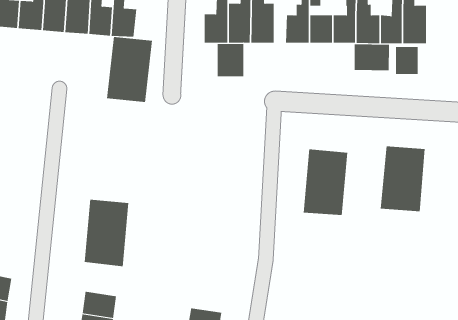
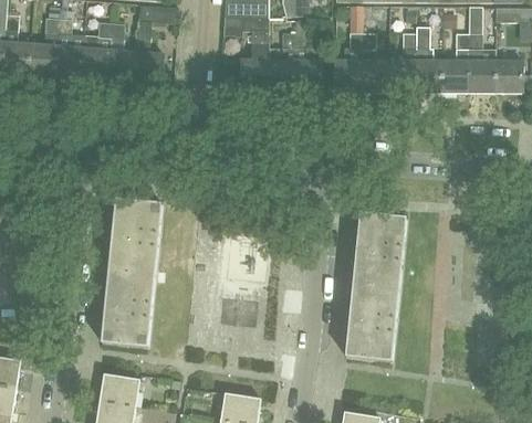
building: [106,37,153,102] -> [108,199,161,274]
building: [217,43,244,77] -> none
building: [354,43,389,71] -> none
building: [395,46,419,75] -> [493,61,520,93]
building: [380,146,425,212] -> [345,285,397,360]

